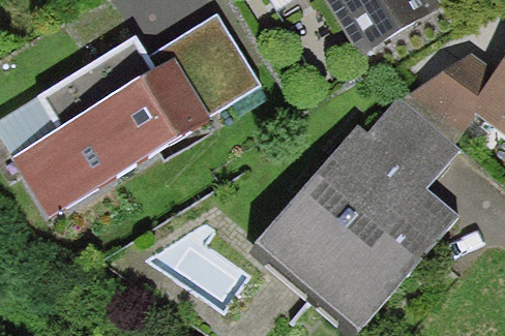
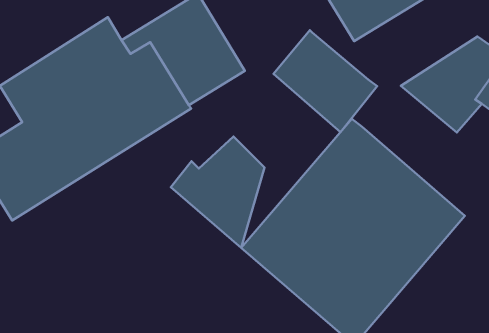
building: [365,95,459,187] -> [273,30,377,132]
building: none -> [171,137,265,248]

